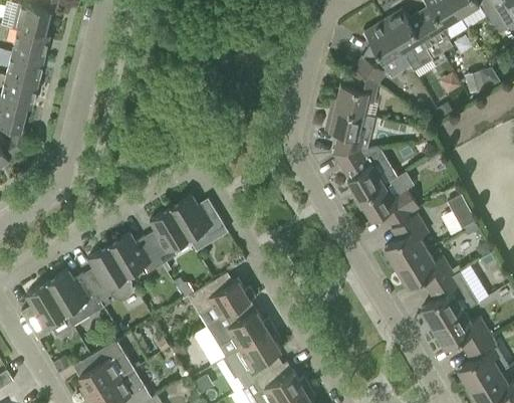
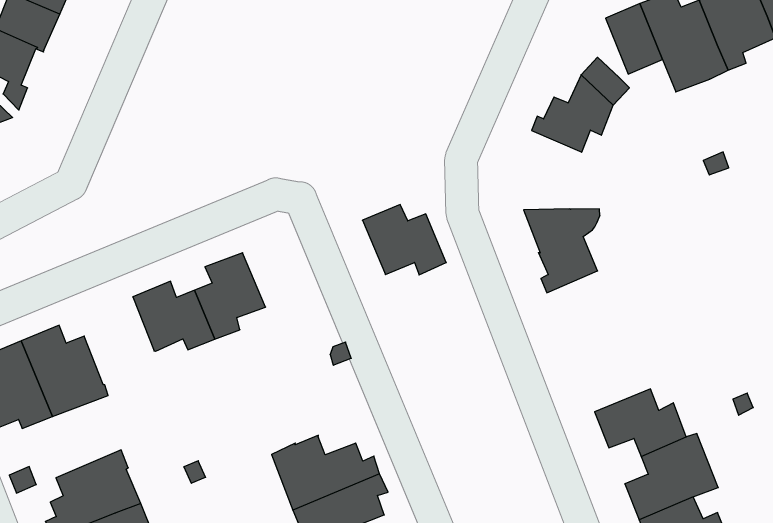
building: [324,108,365,156] -> none
building: [355,172,419,226] -> none
building: [447,194,475,229] -> none
building: [170,196,224,239] -> [362,205,446,275]
building: [383,214,428,269] -> none
building: [83,246,133,301] -> none
building: [188,273,255,319] -> none

